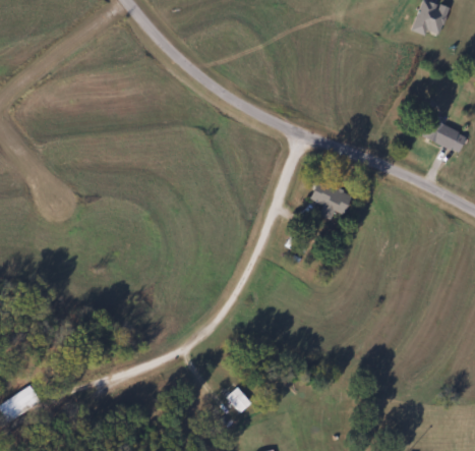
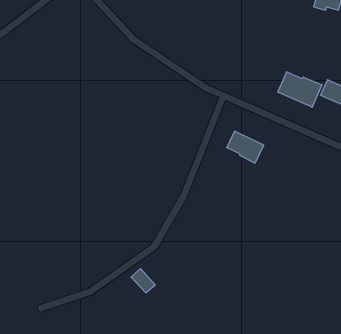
building: none -> [278,72,322,107]
building: [223,384,251,412] -> [131,269,155,293]

